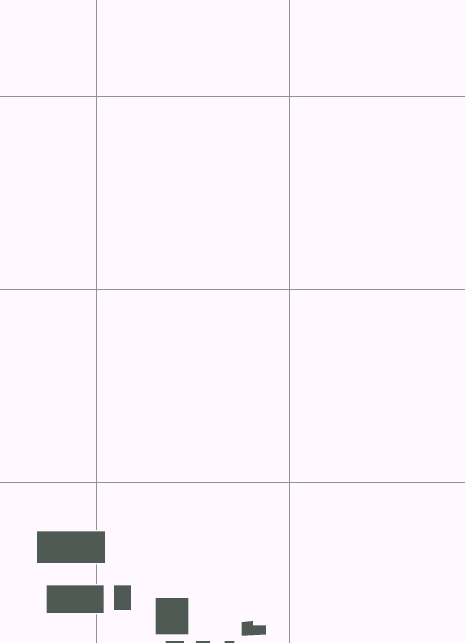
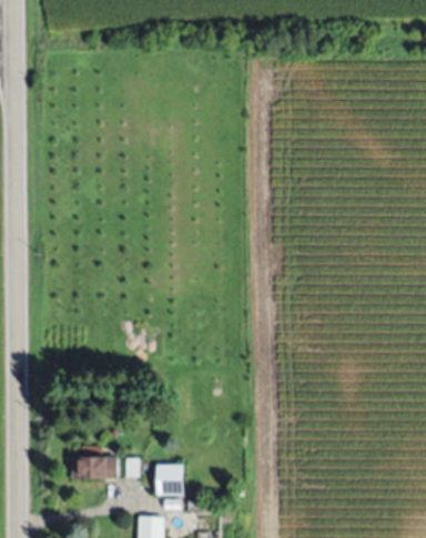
building: [36,530,106,564] -> none

